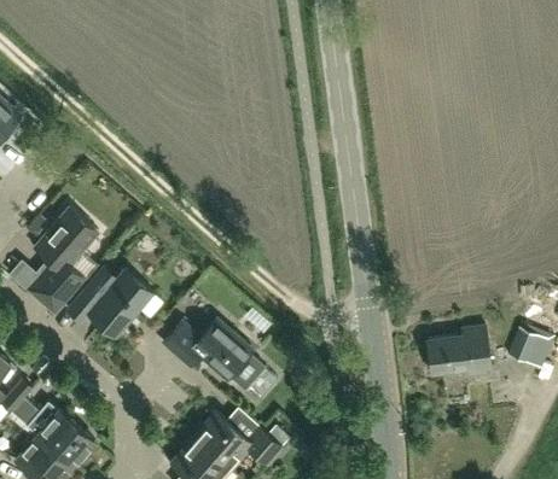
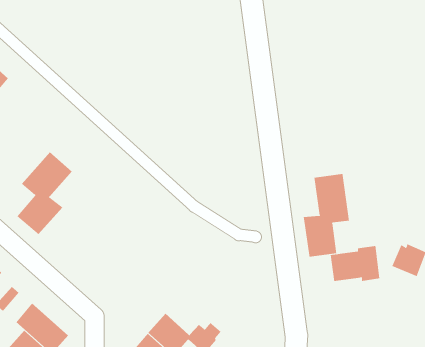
building: none -> [303,173,350,258]
building: [65,263,153,338] -> none
building: [163,321,265,389] -> none

